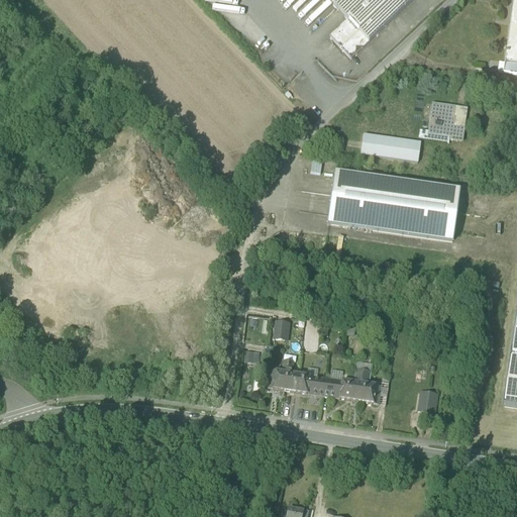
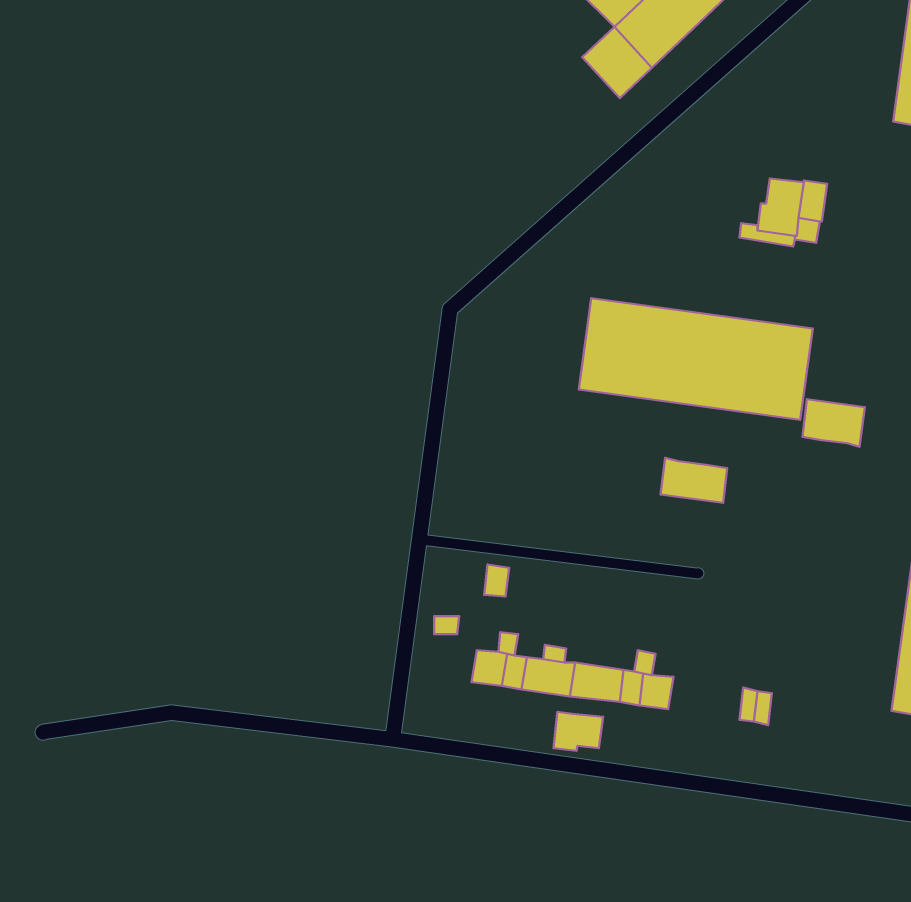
building: [361,131,421,160] -> none
building: none -> [802,399,865,447]
building: none -> [661,458,727,503]
building: none -> [553,712,603,751]

